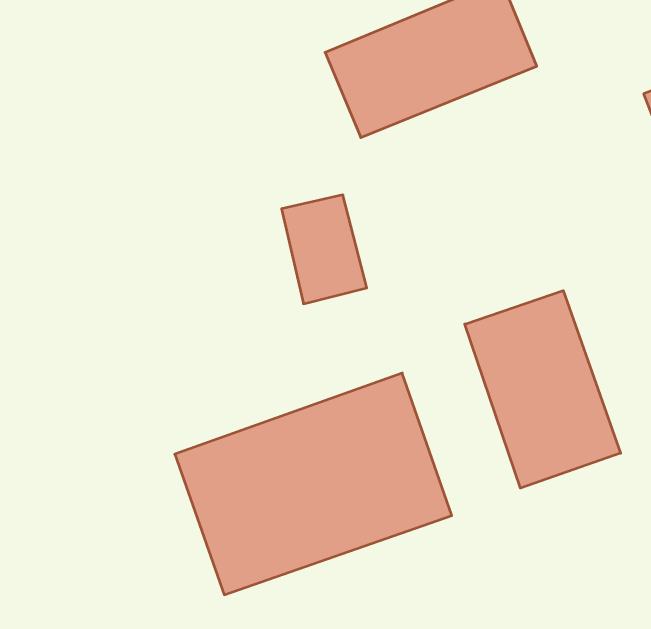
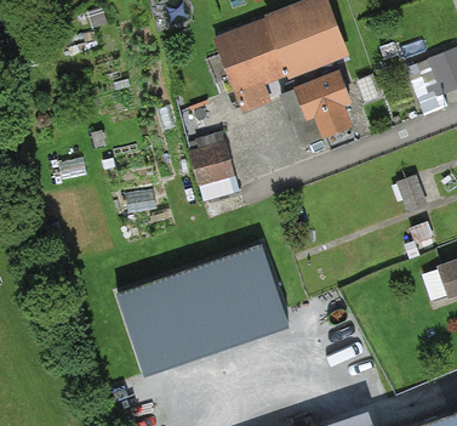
building: none -> [291,72,352,137]
building: [465,291,621,488] -> none

